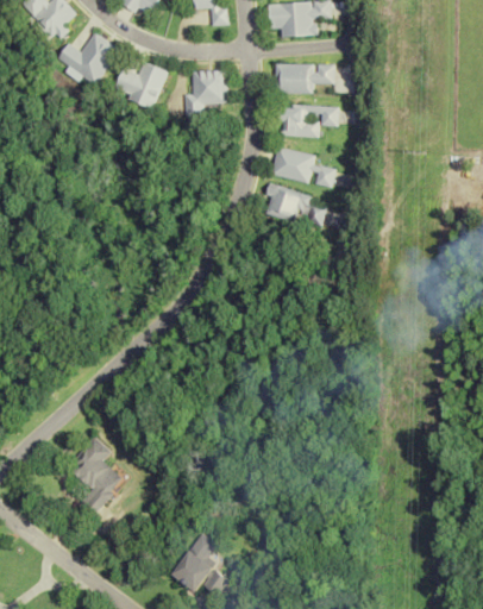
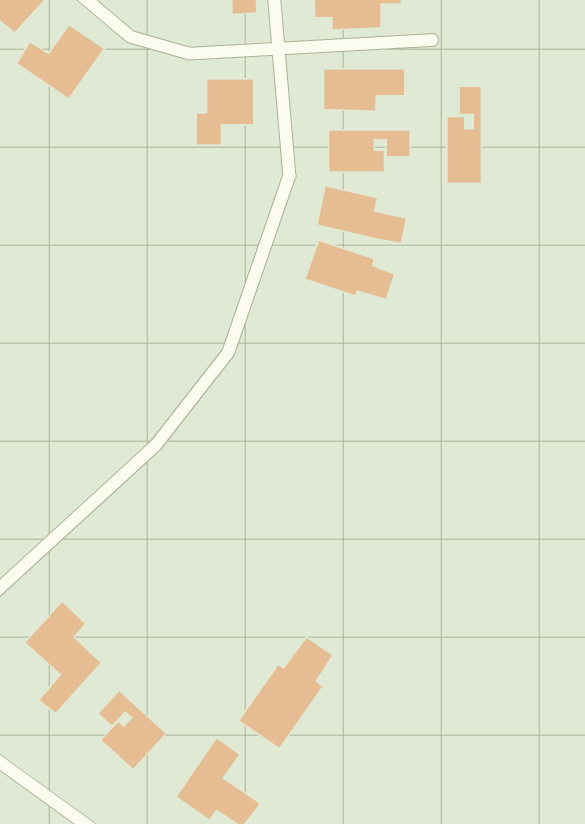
building: [115,63,169,108] -> none
building: none -> [447,86,481,184]
building: none -> [238,637,333,749]
building: none -> [98,690,166,770]

